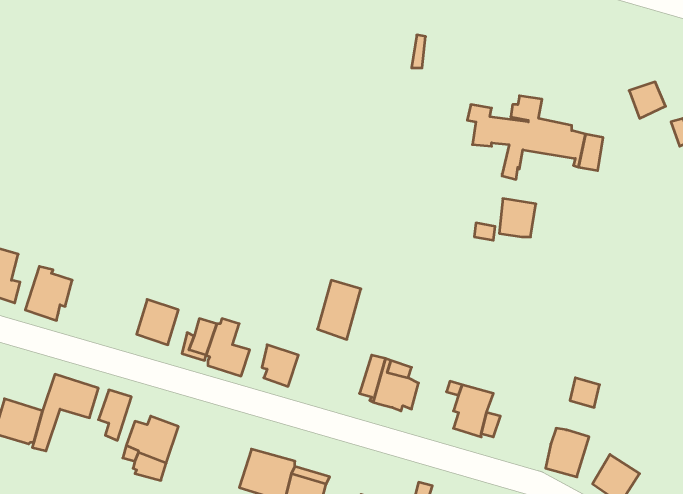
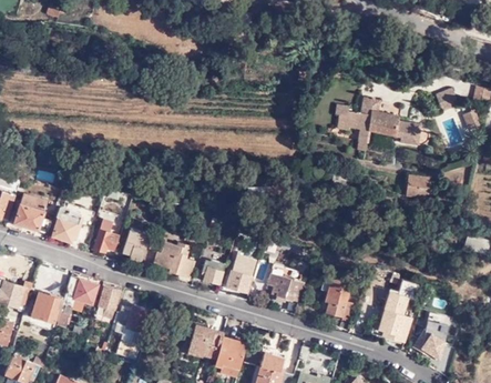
building: [499,199,536,237] -> [406,174,429,199]
building: [317,280,361,339] -> [227,255,255,293]
building: none -> [92,218,117,253]

